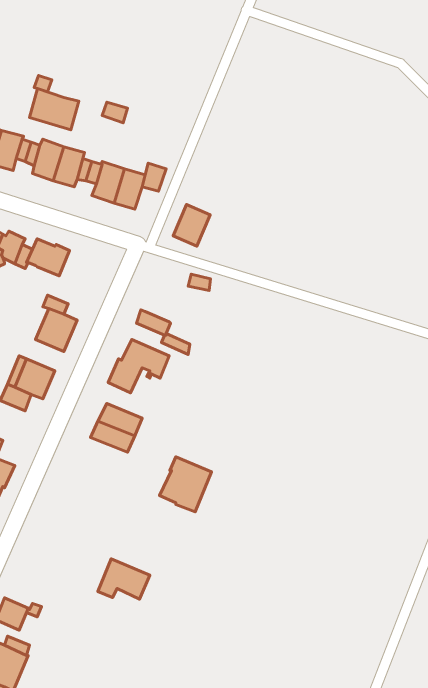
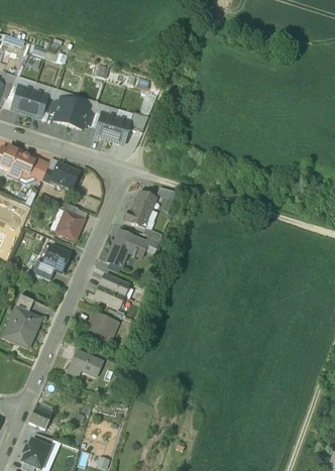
building: [30,89,79,130] -> none
building: [173,205,210,246] -> [131,191,156,219]
building: [160,457,211,512] -> [83,312,118,349]
building: [98,559,150,599] -> [68,350,103,377]

